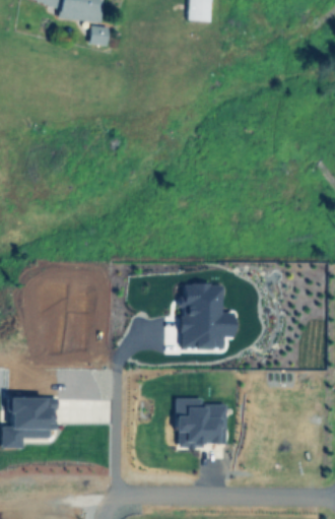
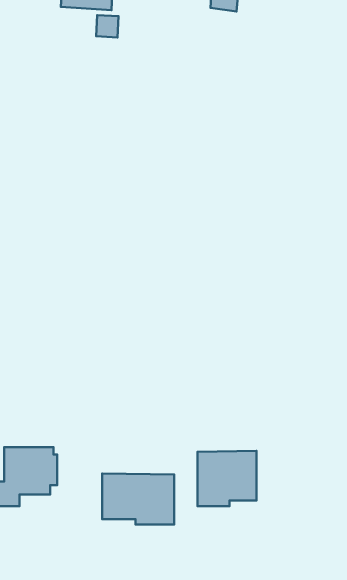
building: [182,283,237,346] -> none
building: none -> [102,474,174,524]

